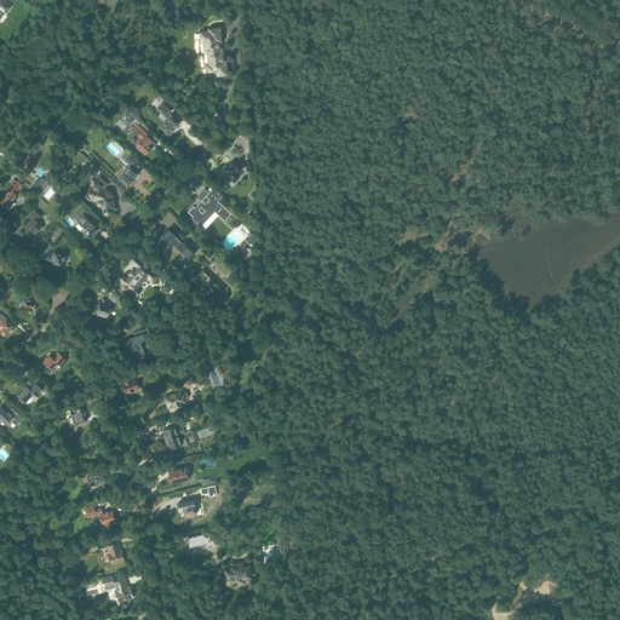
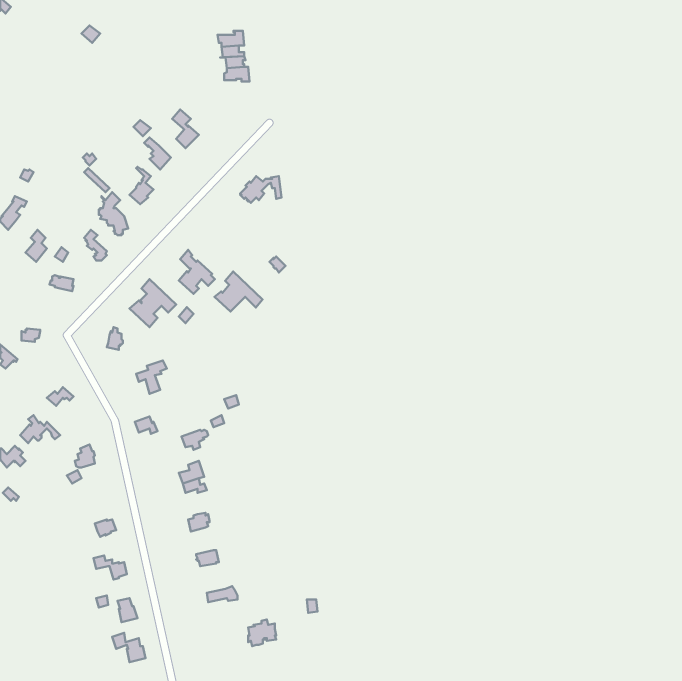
building: [188,188,231,224] -> [214,272,263,312]

